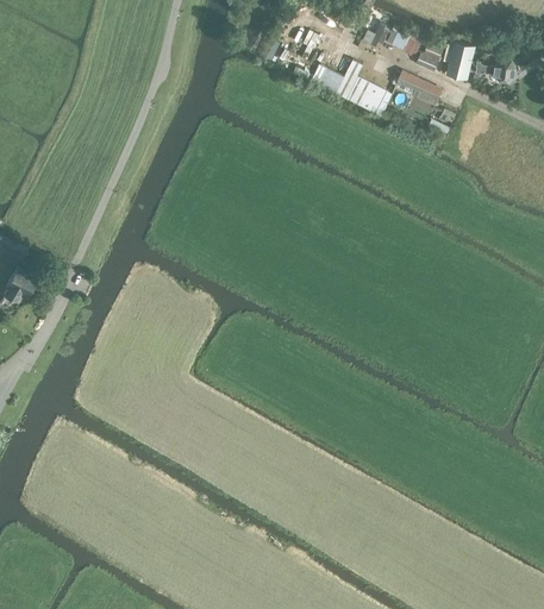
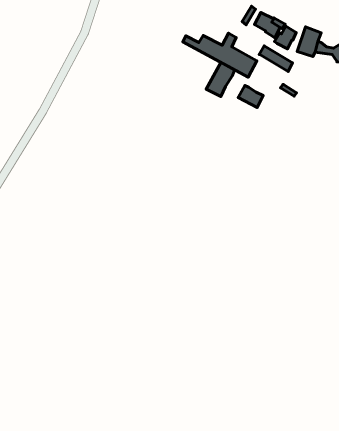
building: none -> [206,62,235,96]
building: none -> [238,86,263,108]

